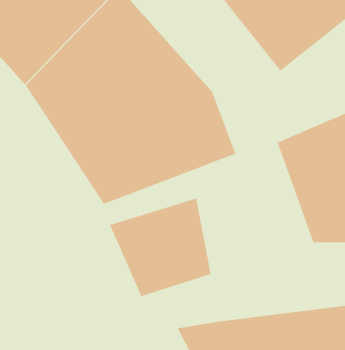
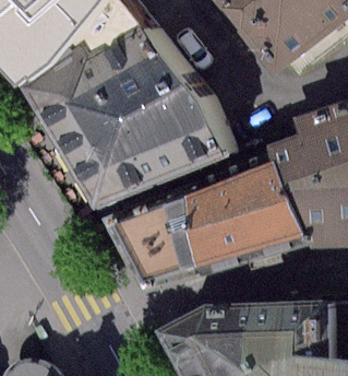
building: none -> [193,163,305,270]

